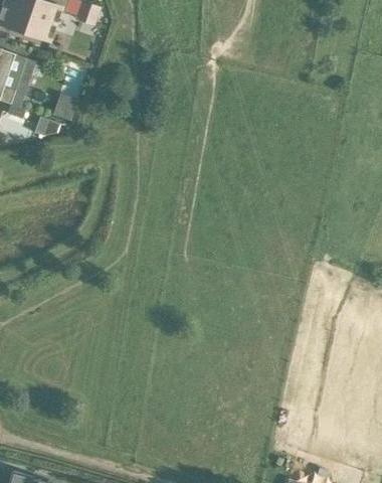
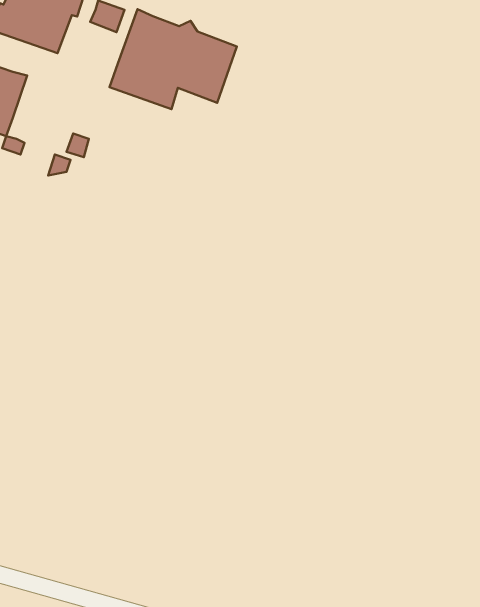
building: none -> [109,9,237,109]

